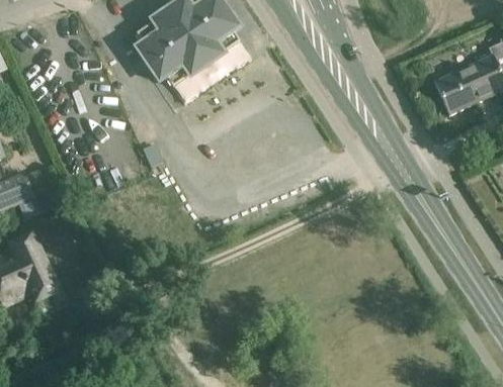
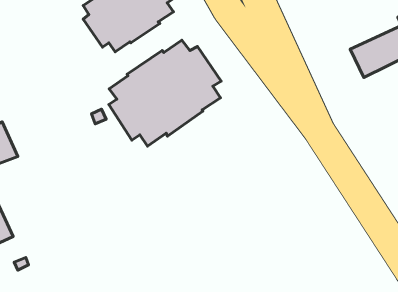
building: none -> [109,40,221,146]

